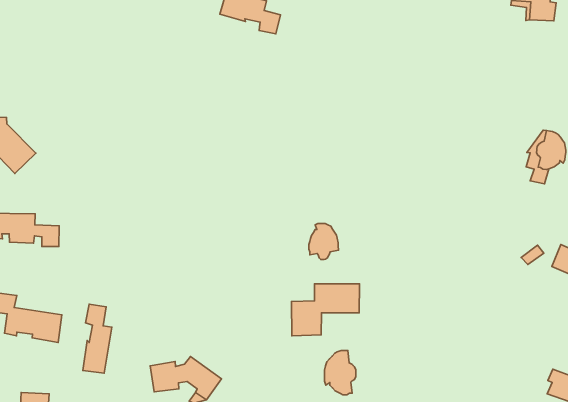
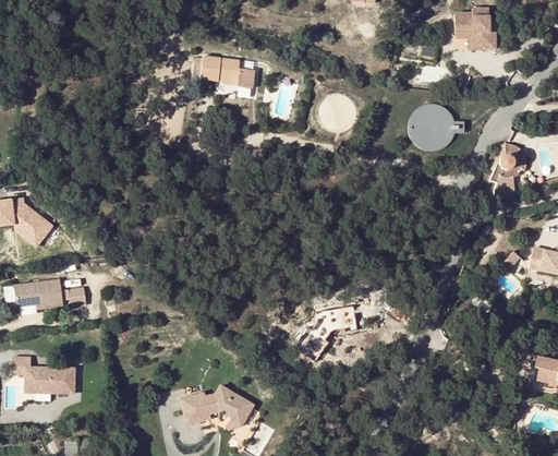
building: none -> [407,104,464,152]
building: [309,223,338,259] -> none
building: [83,304,112,373] -> none
building: [324,350,356,395] -> none

